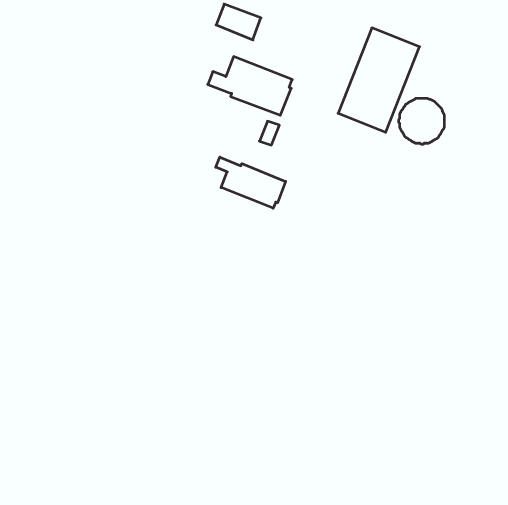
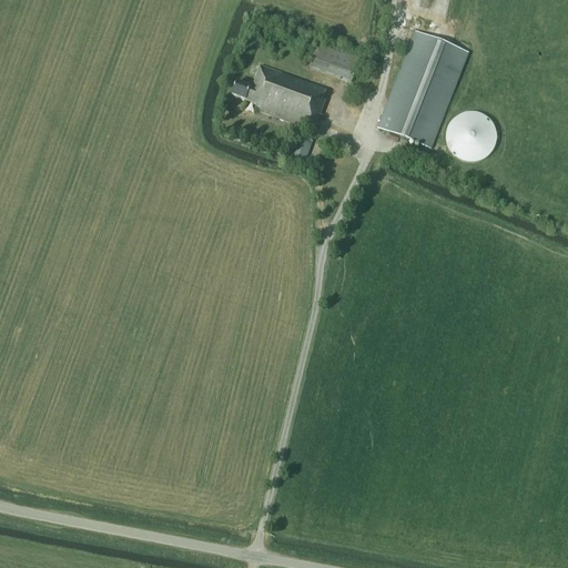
building: [216,4,261,40] -> [311,42,361,82]
building: [216,157,286,208] -> none

